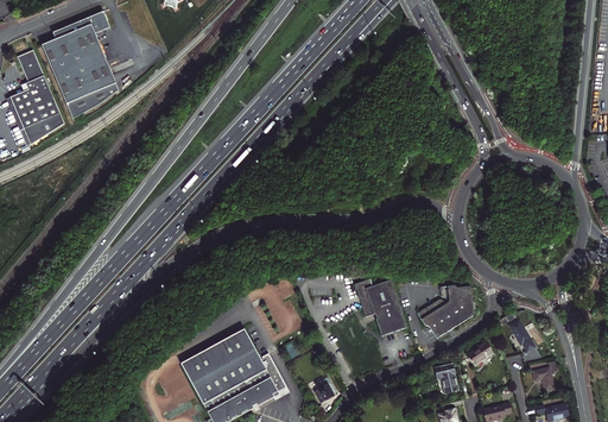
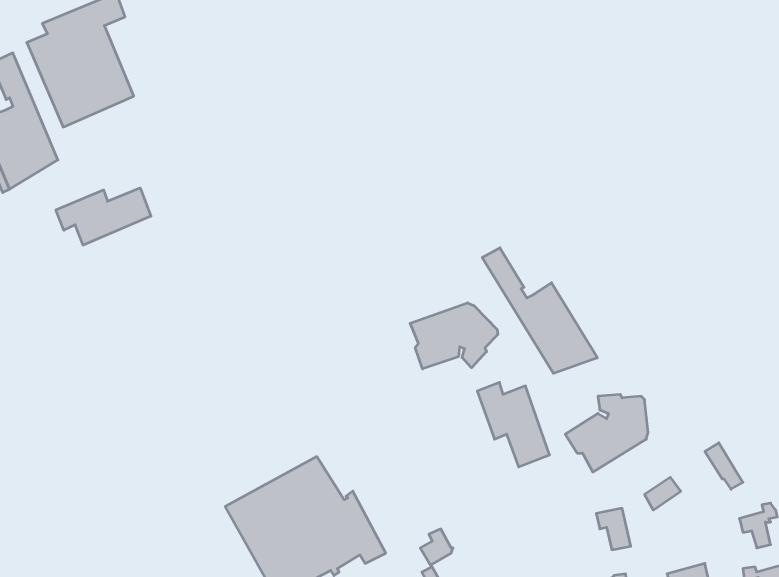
building: none -> [56,188,151,245]
building: none -> [482,248,597,373]
building: none -> [410,303,498,369]

